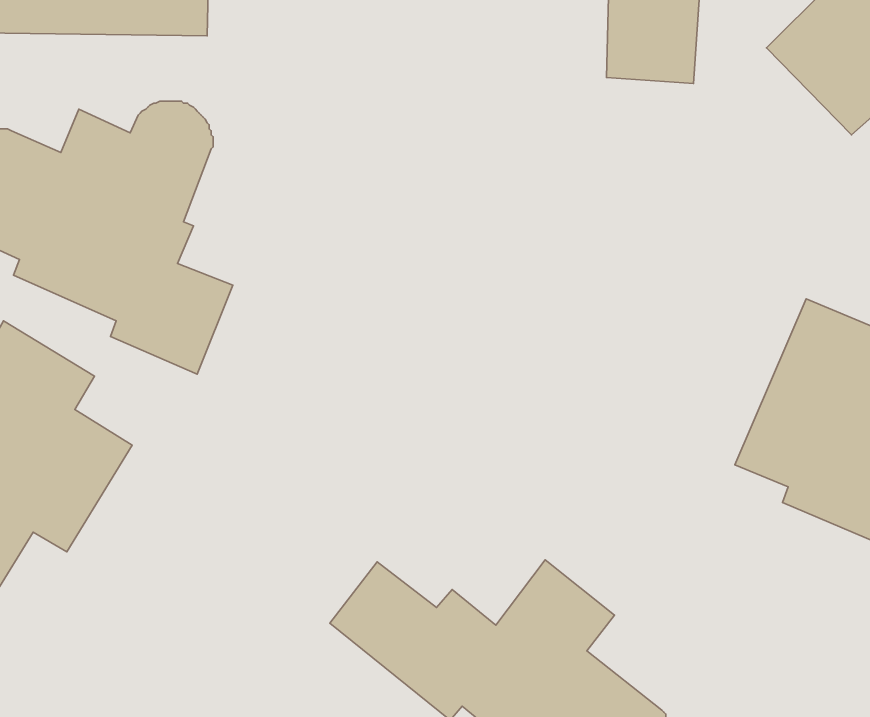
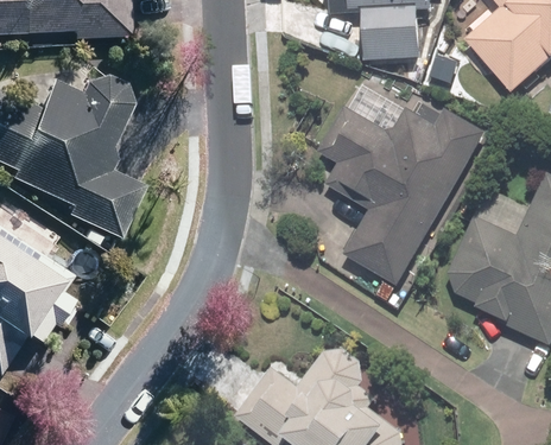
building: none -> [324,110,483,287]

